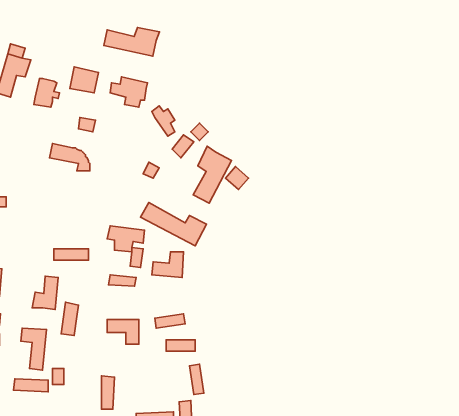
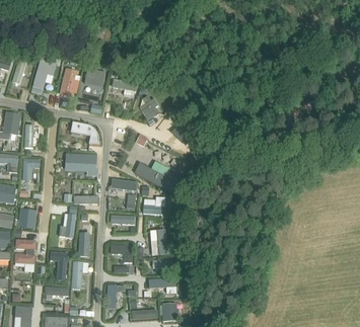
building: [104,28,159,56] -> none
building: [193,146,231,203] -> none
building: none -> [69,153,97,176]

